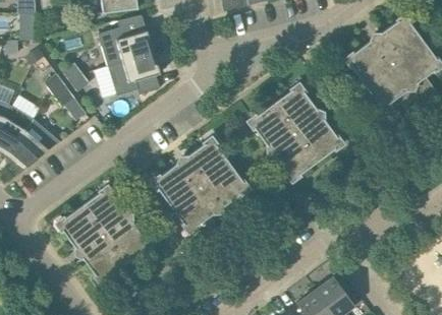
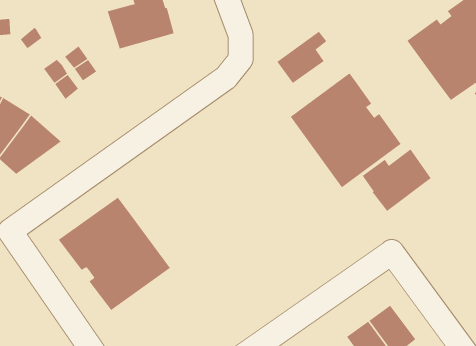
building: none -> [277,31,327,84]
building: [108,52,161,96] -> none
building: [153,137,248,231] -> none
building: none -> [362,148,431,212]

